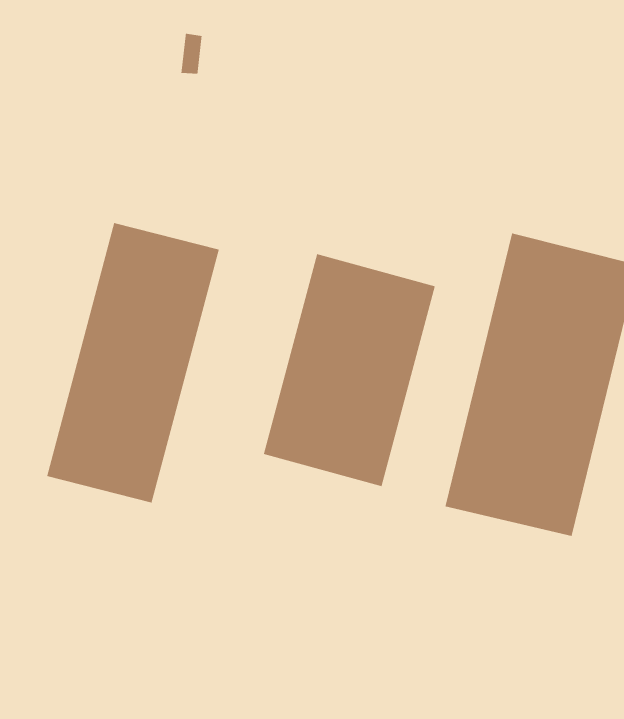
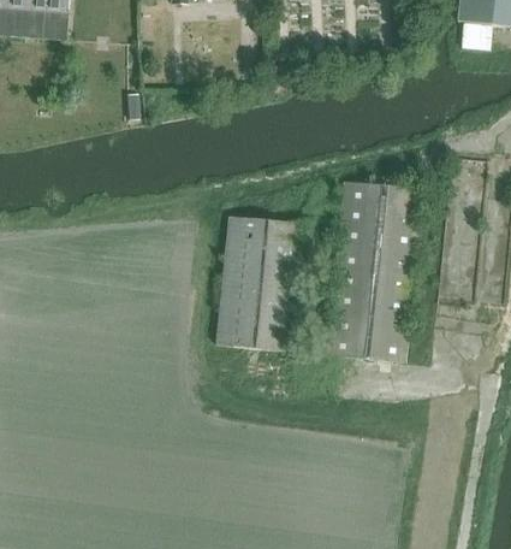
building: [46,222,220,504] -> none

